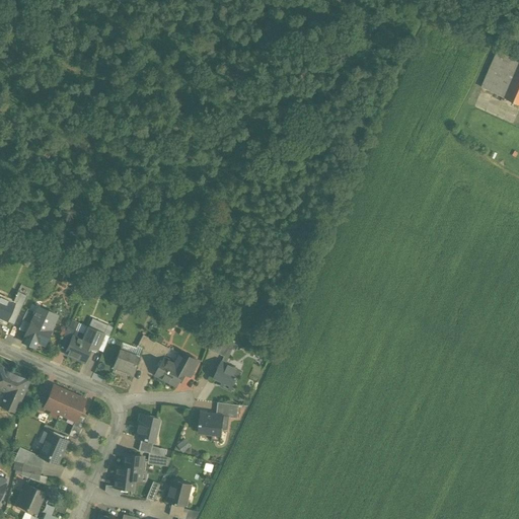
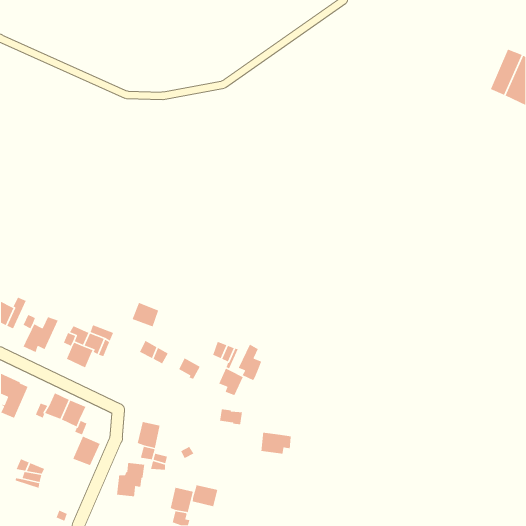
building: none -> [238,343,262,381]
building: [113,350,140,375] -> [131,302,159,328]
building: [155,358,187,386] -> none
building: [199,413,229,435] -> [261,432,291,454]
building: [39,433,67,463] -> [72,435,101,466]
building: none -> [192,484,218,507]
building: [17,485,45,514] -> none

